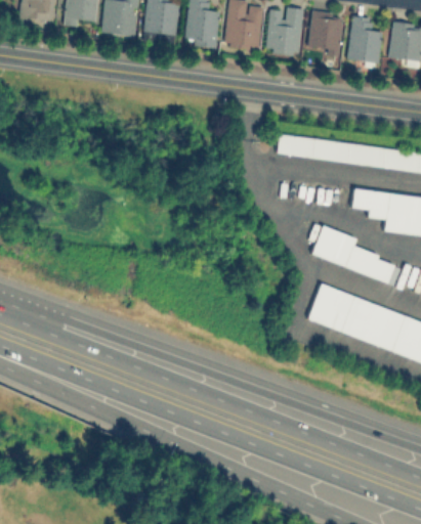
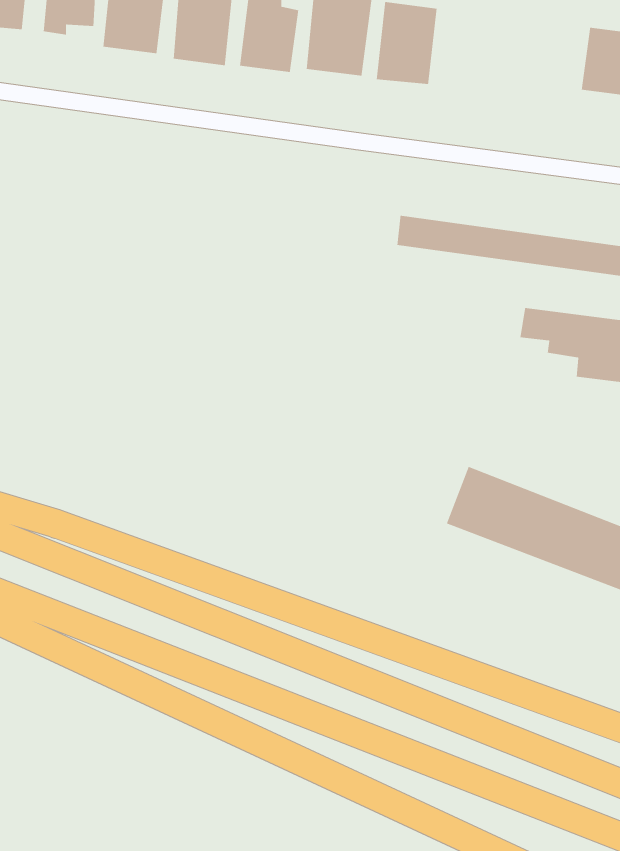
building: [307,10,342,53] -> none
building: [347,15,382,62] -> none
building: [312,225,394,283] -> none

